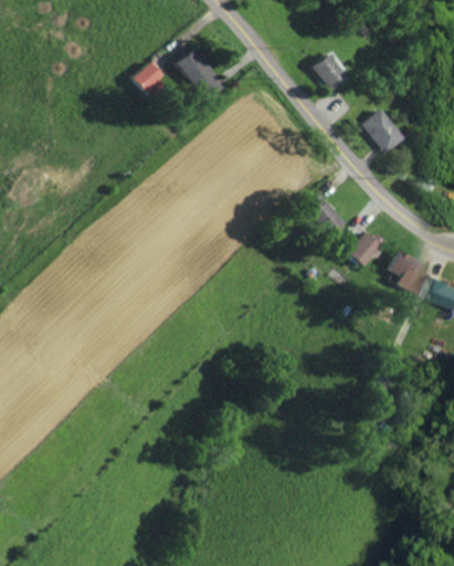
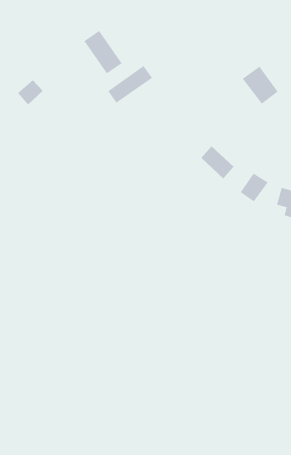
building: [314,54,349,91] -> none
building: [136,63,167,93] -> [17,79,43,106]
building: none -> [107,65,153,104]

